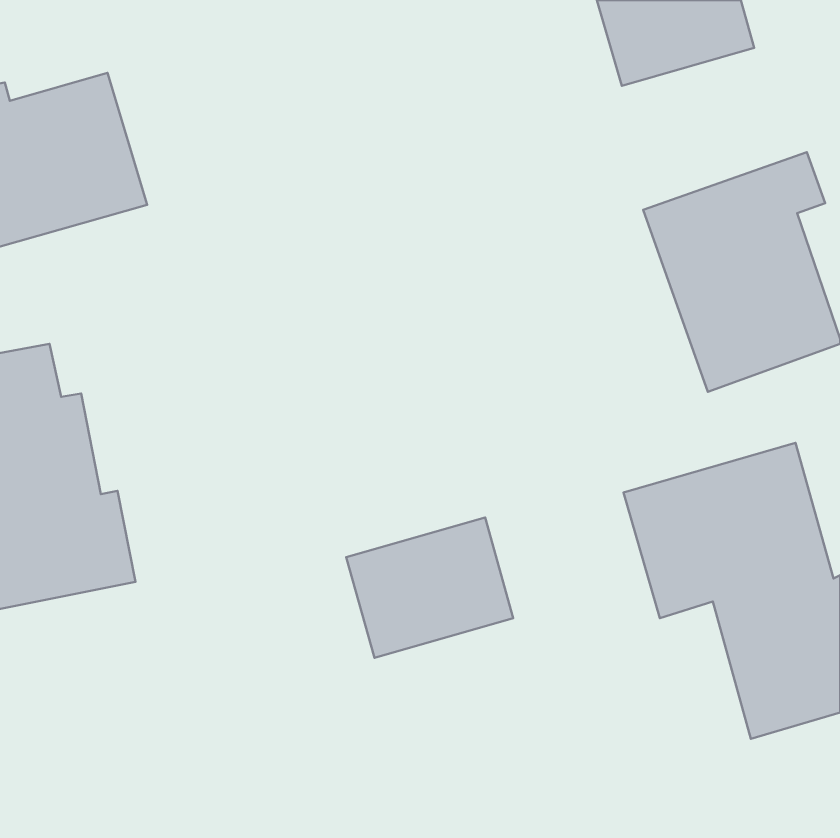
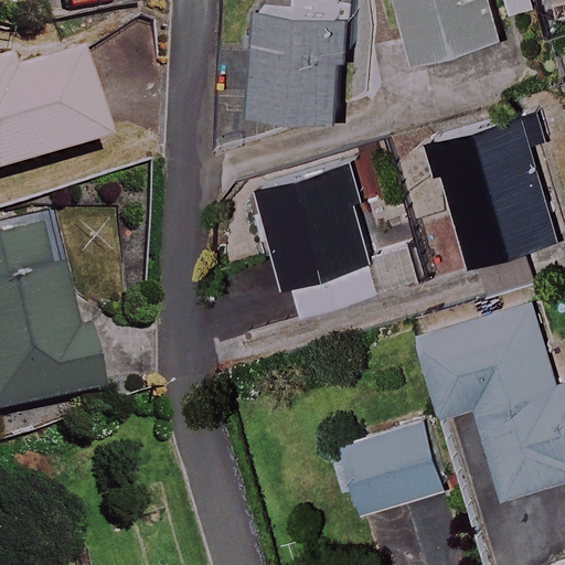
building: none -> [246,10,348,114]
building: none -> [257,163,420,315]
building: [346,517,513,658] -> [331,423,443,516]

